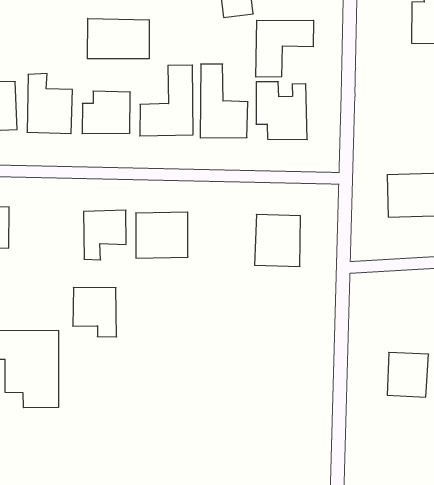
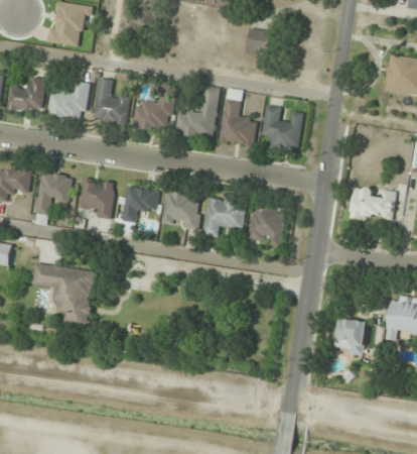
building: [87,18,149,59] -> none
building: [256,20,314,77] -> none
building: none -> [203,198,247,237]
building: [73,288,117,337] -> [80,179,115,219]

